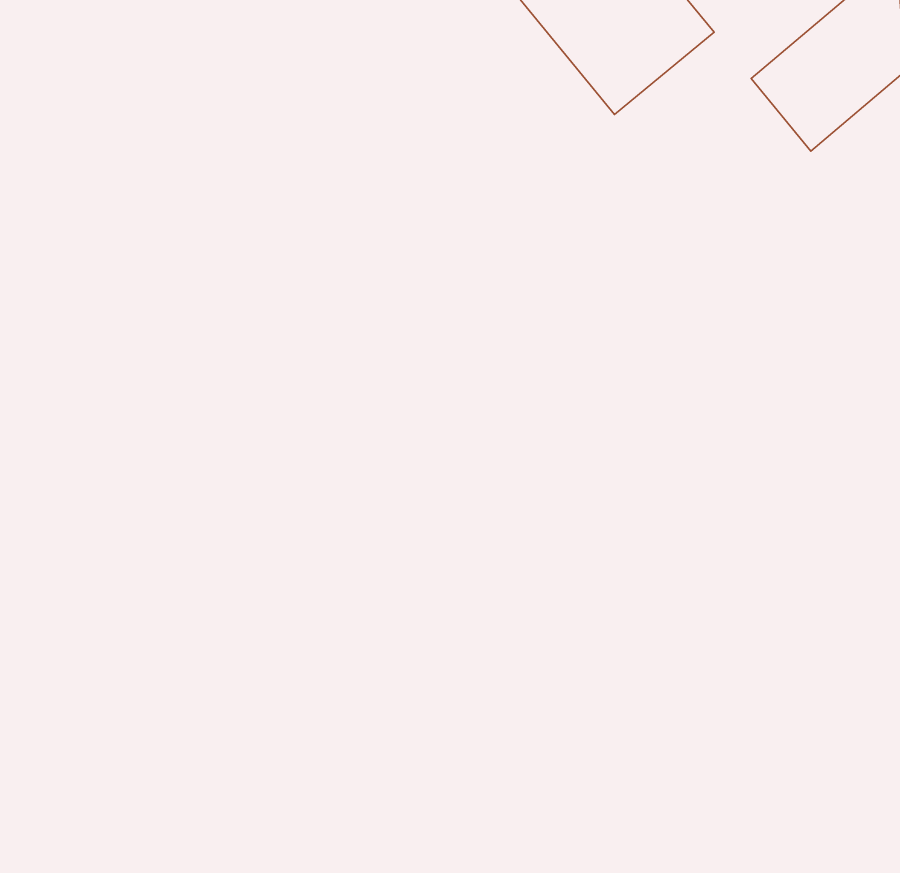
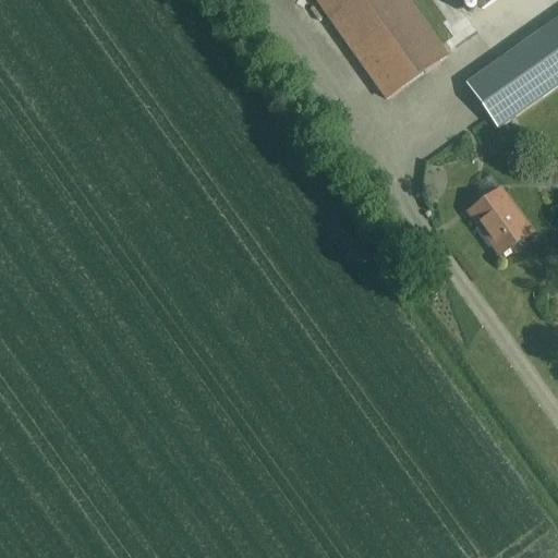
building: none -> [469,186,533,253]

